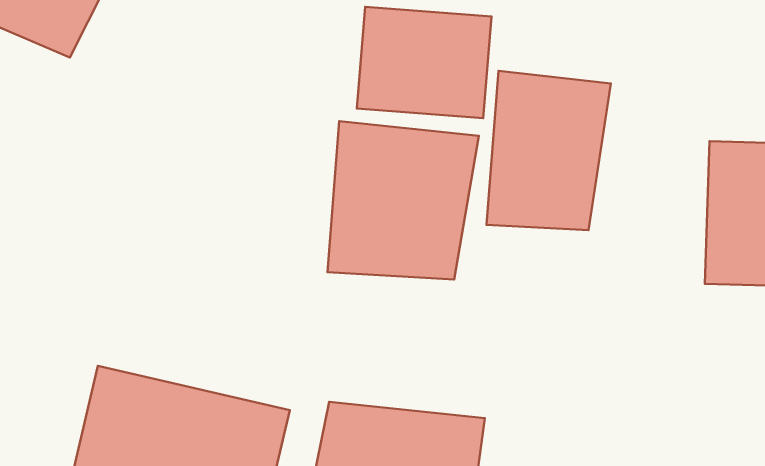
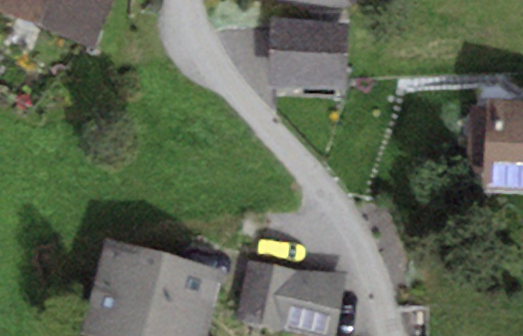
building: [486,71,611,230] -> none
building: [327,121,479,279] -> none

